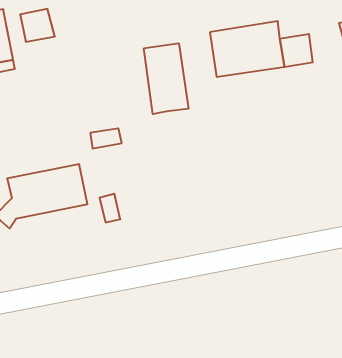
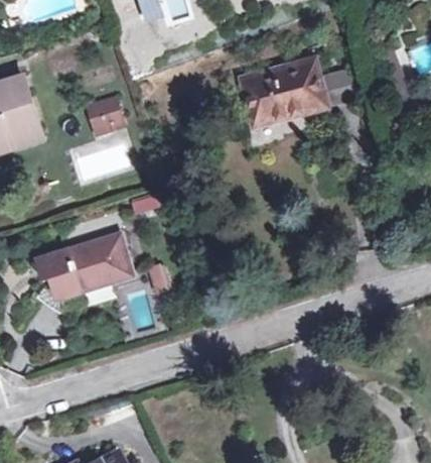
building: [20,9,55,42] -> [83,97,122,134]
building: [144,43,188,114] -> none

